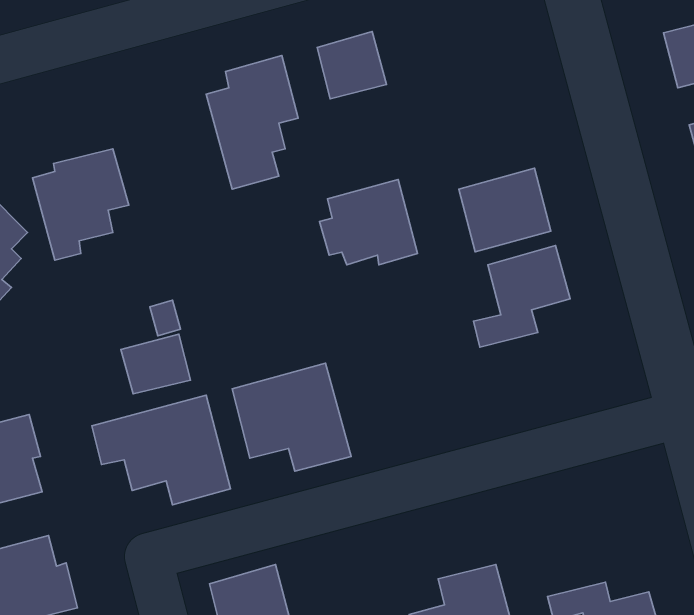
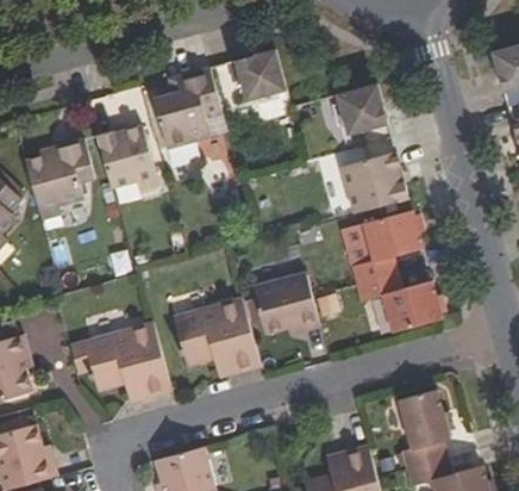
building: none -> [337,82,389,136]
building: none -> [95,124,158,191]
building: [319,180,418,265] -> [246,271,319,334]
building: none -> [356,273,442,332]
building: [121,334,190,394] -> none
building: none -> [398,389,450,468]

